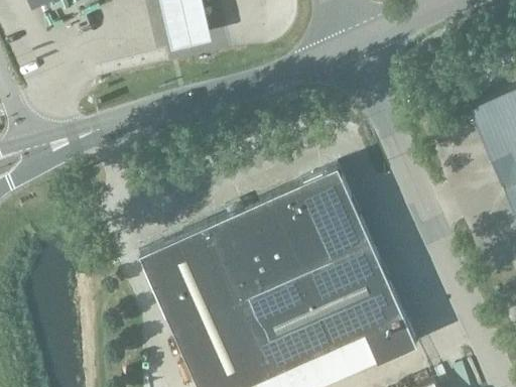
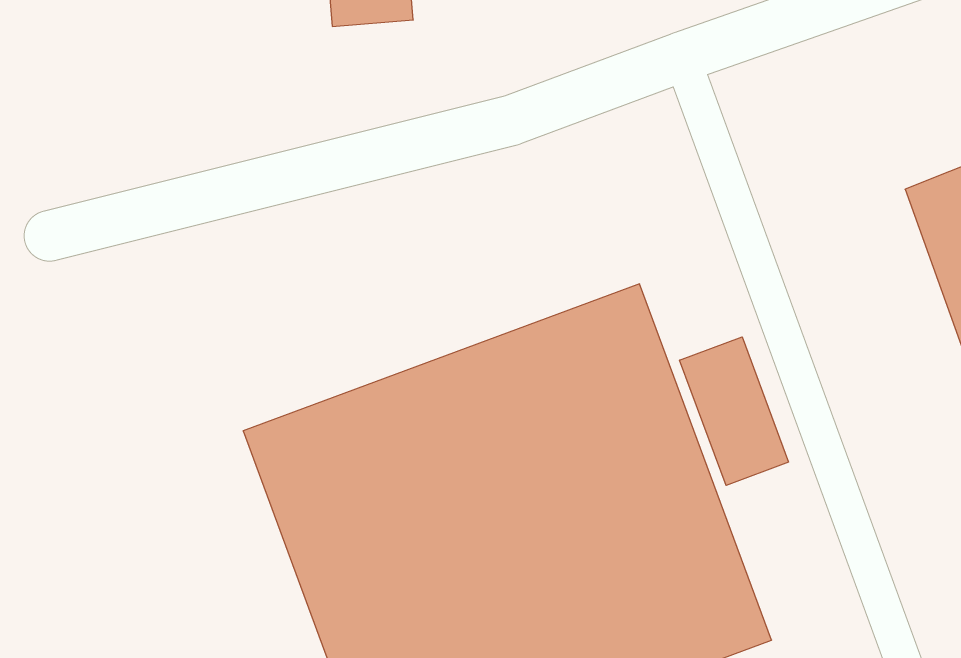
building: none -> [680,337,788,485]

